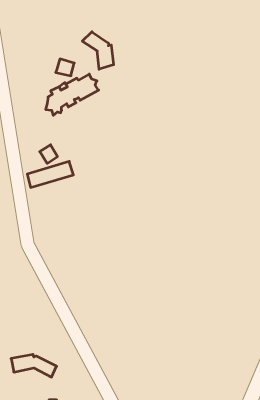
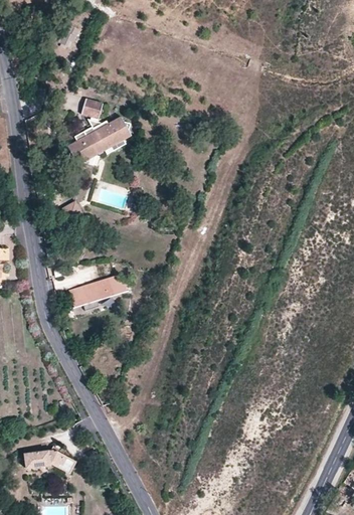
building: [82,32,114,69] -> none
building: [27,161,73,187] -> [69,275,125,306]

